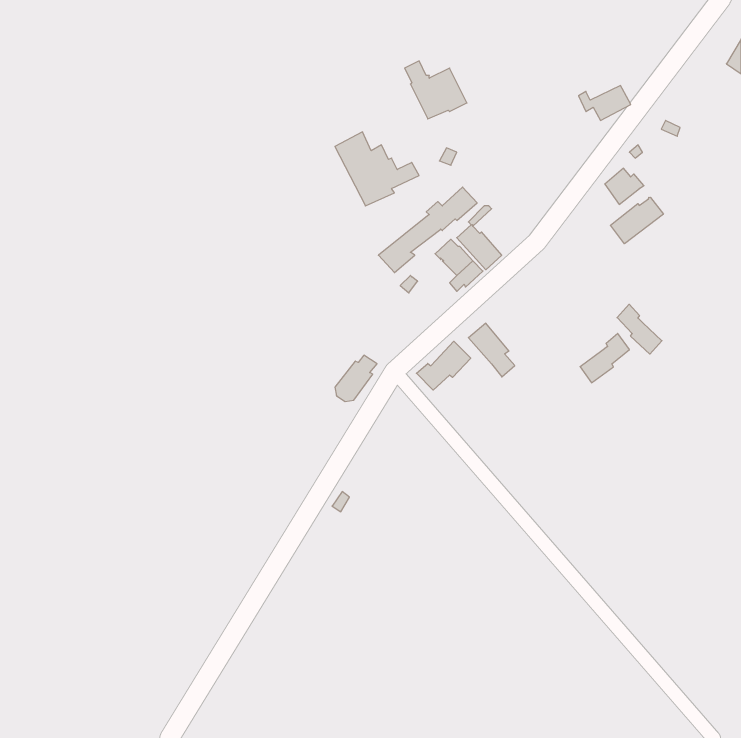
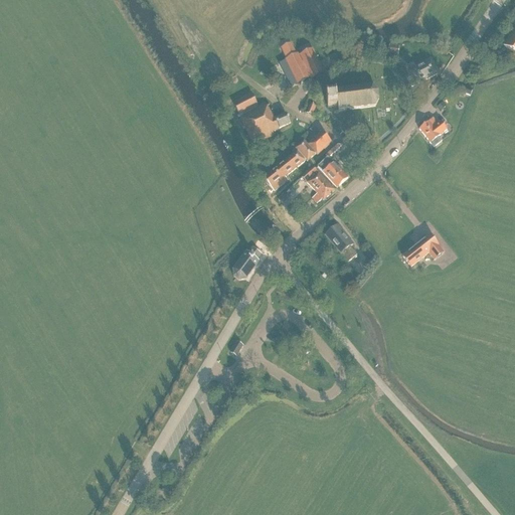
building: none -> [326,84,378,110]
building: [610,197,663,244] -> none
building: [617,304,662,354] -> none
building: [416,341,471,390] -> none

